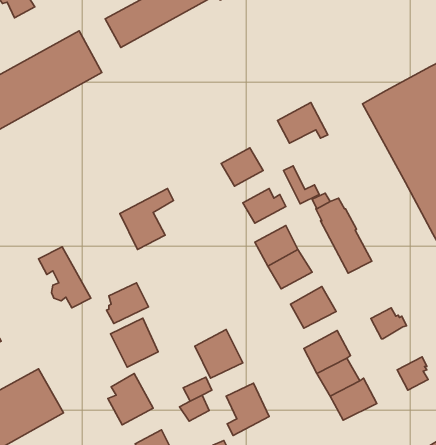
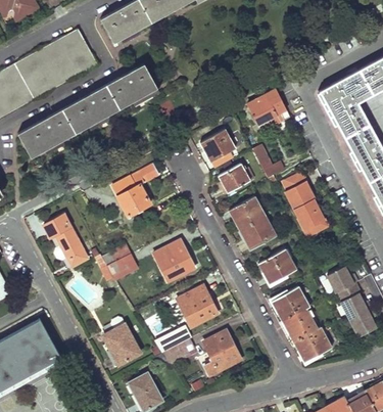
building: none -> [17,64,157,158]
building: [110,318,158,367] -> [153,240,194,282]
building: none -> [337,283,371,320]

